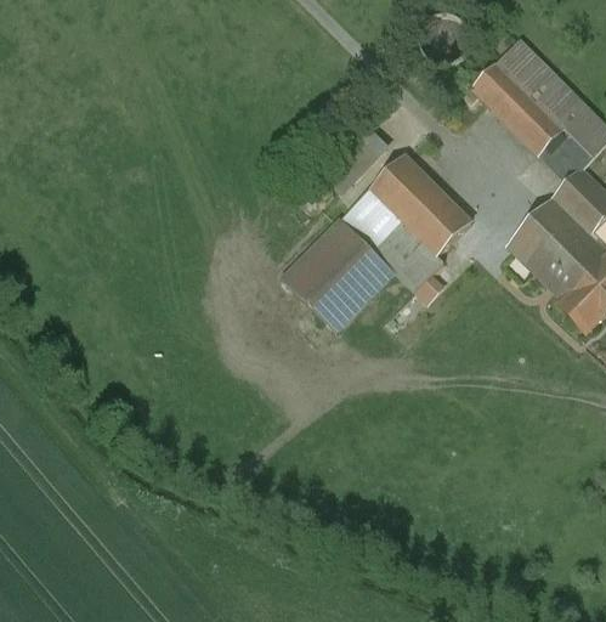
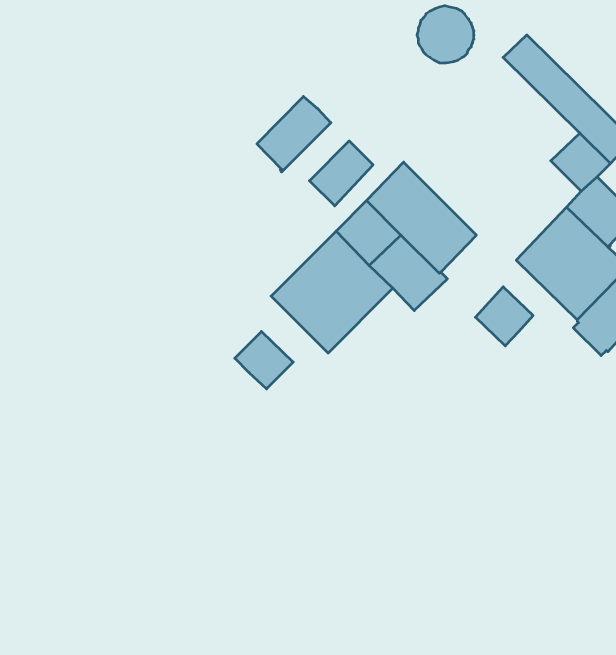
building: [470,58,566,153] -> none
building: none -> [257,96,331,172]
building: none -> [475,287,533,346]
building: none -> [235,331,293,389]

